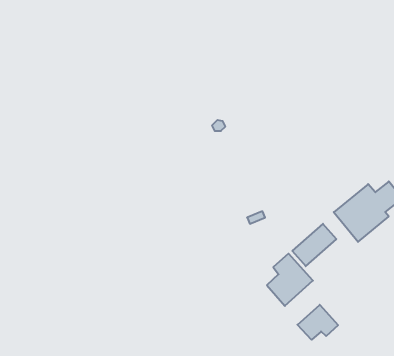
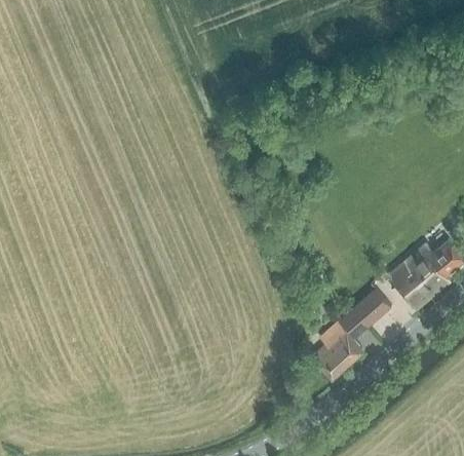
building: [297,305,338,340] -> none

